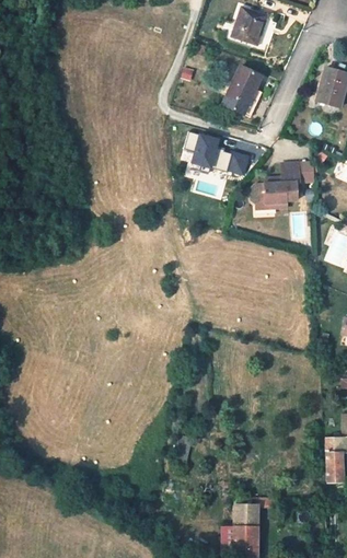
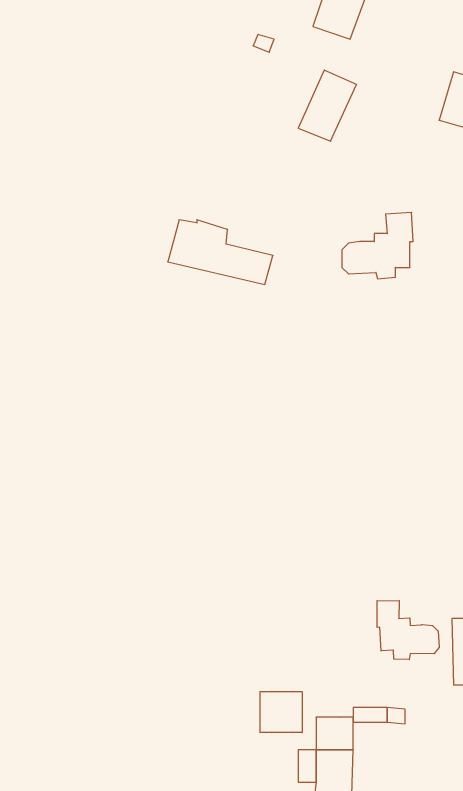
building: [180,132,251,176] -> [168,220,273,284]
building: none -> [377,601,439,660]
building: none -> [260,692,302,733]

